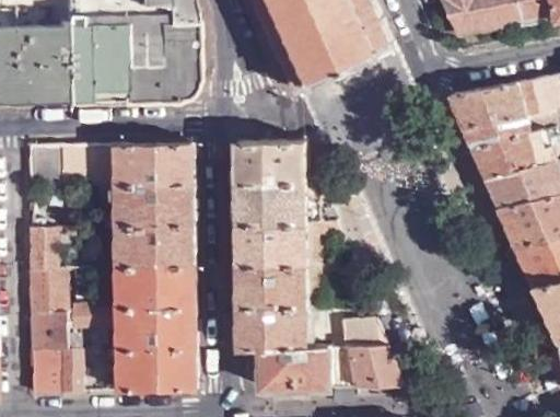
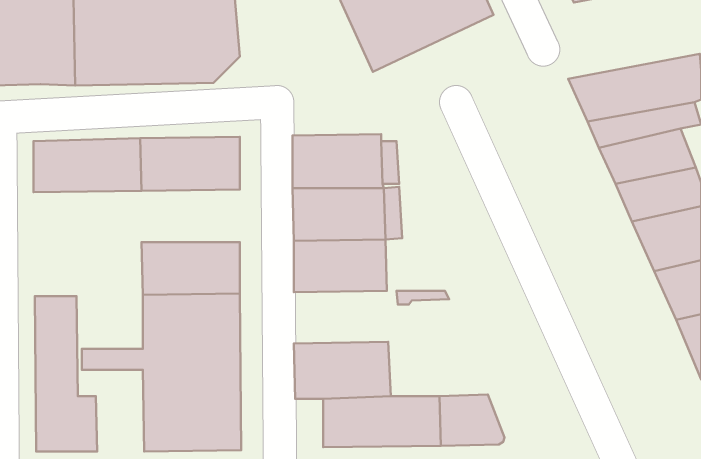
building: [115,185,192,227] -> none
building: [31,228,63,269] -> none
building: [235,265,310,306] -> none
building: [343,317,388,348] -> none

